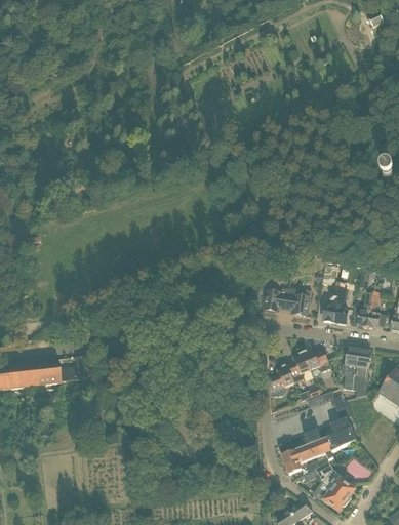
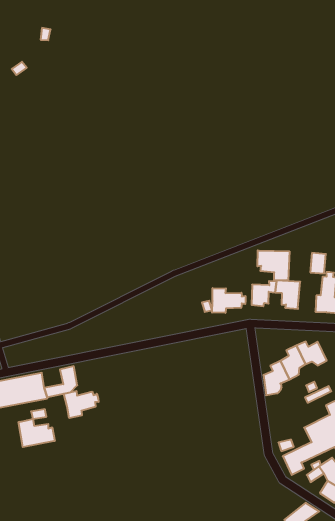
building: none -> [257,250,289,281]
building: none -> [212,288,246,313]
building: none -> [64,391,99,418]
building: none -> [19,419,55,447]

